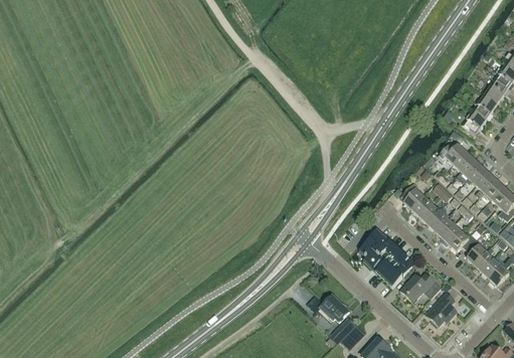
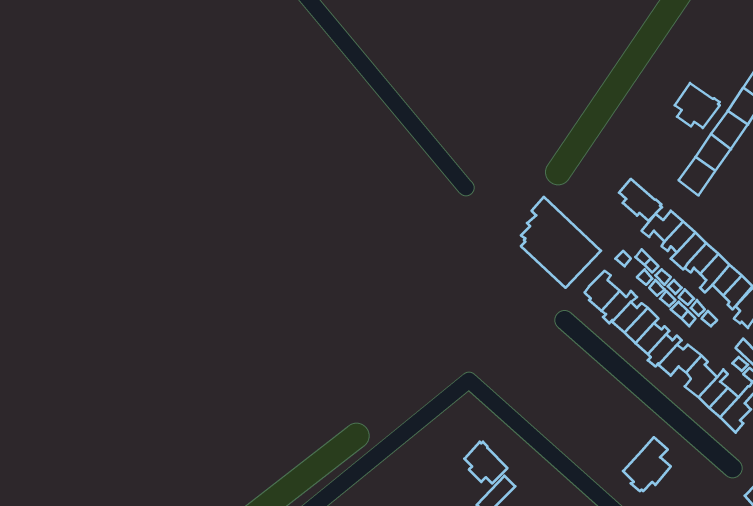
building: none -> [675,83,720,128]
building: none -> [619,179,662,221]
building: [362,227,414,287] -> [521,197,601,288]
building: [399,273,441,302] -> none

